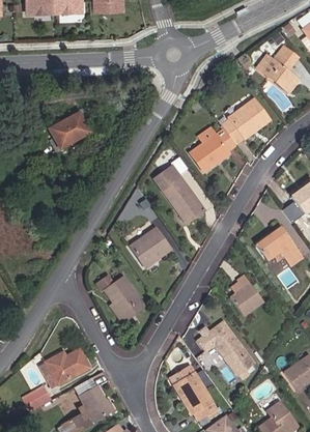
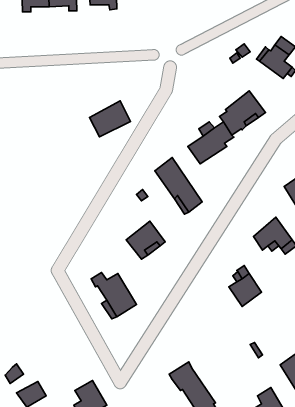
building: [45,119,86,155] -> [89,101,130,137]
building: [202,322,255,381] -> none
building: [45,352,88,392] -> none

